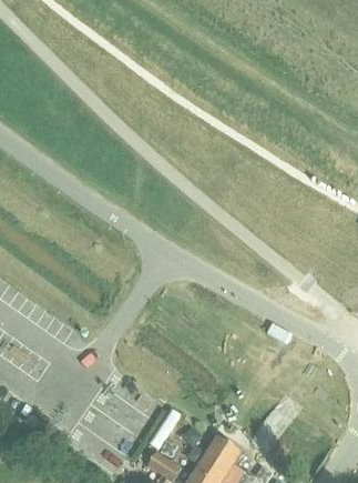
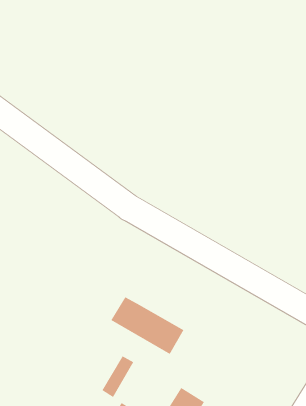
building: none -> [110,297,184,355]

